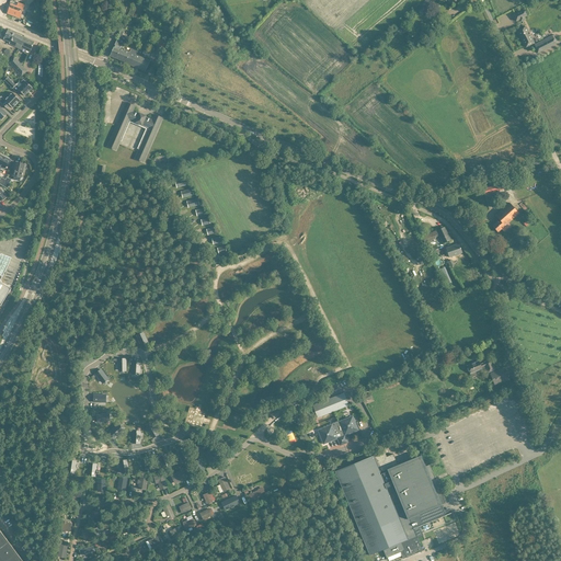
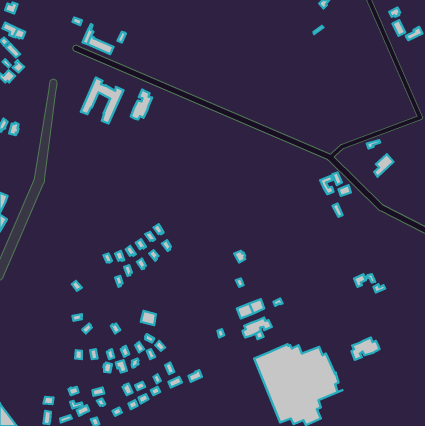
building: none -> [131,90,152,119]
building: none -> [352,338,379,360]

